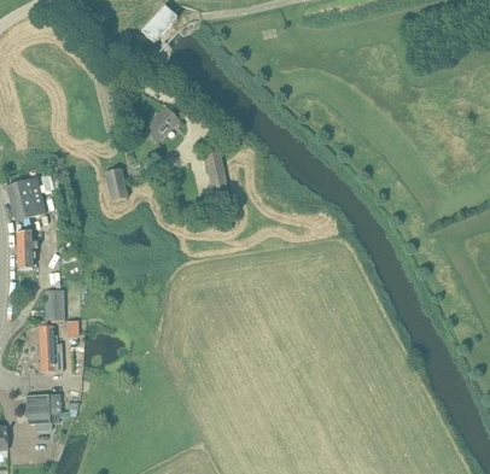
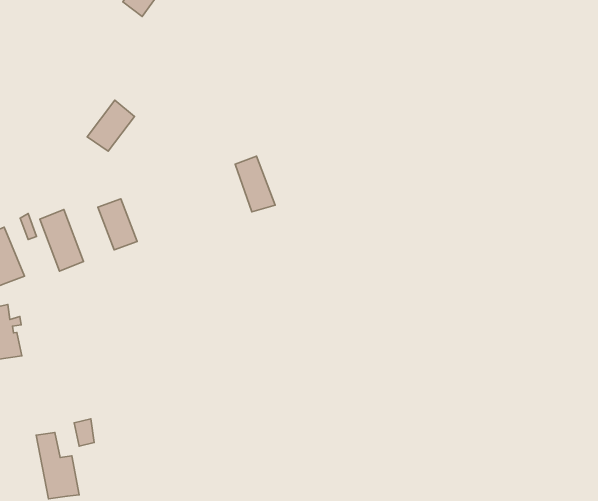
building: [142,106,177,141] -> [87,100,134,151]
building: none -> [40,210,83,271]
building: [43,289,63,320] -> none

